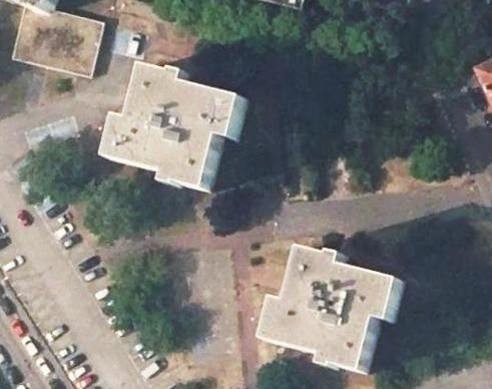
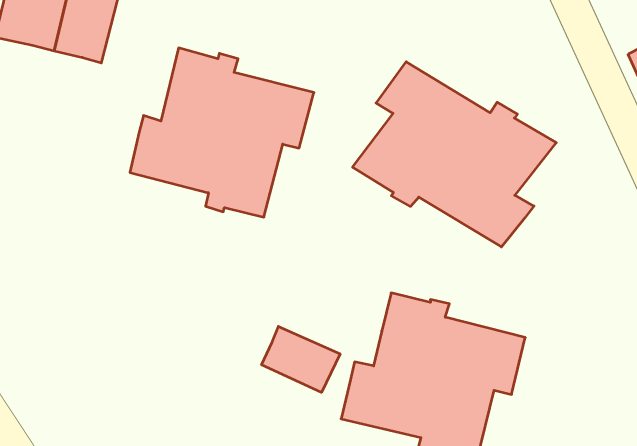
building: none -> [353,62,556,247]
building: none -> [262,326,340,392]

